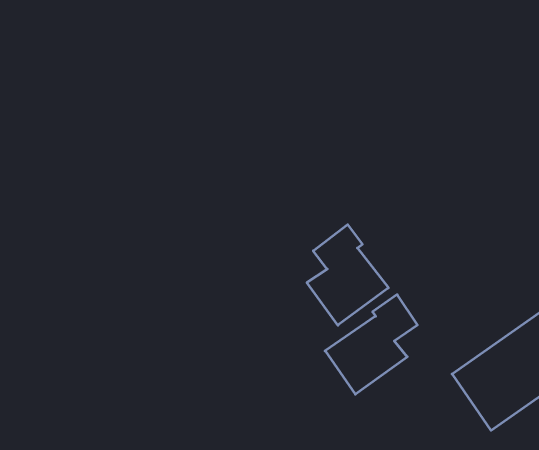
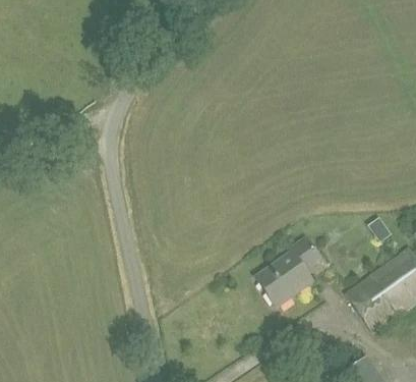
building: [307,225,388,325] -> none

